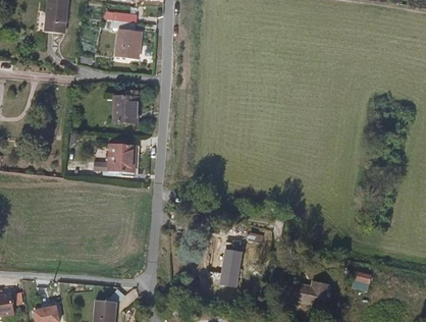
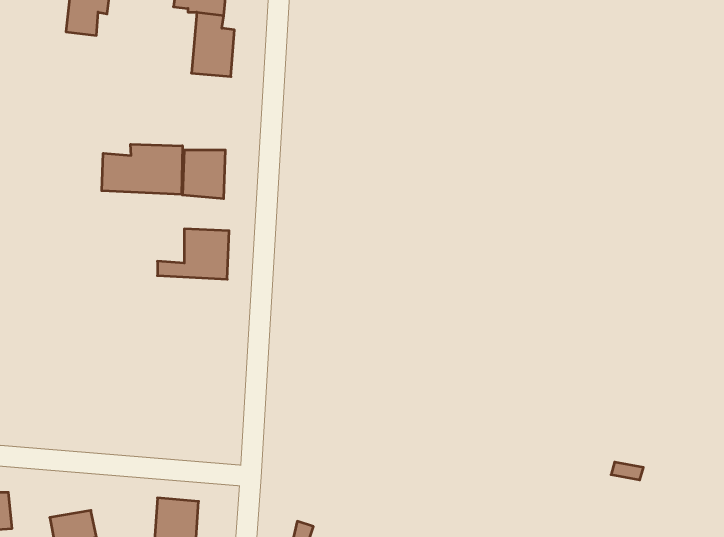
building: none -> [102,144,182,194]
building: [221,248,243,285] -> none
building: [290,281,329,308] -> none

